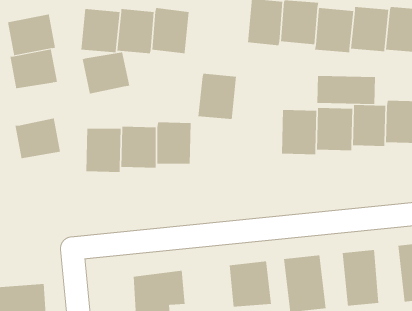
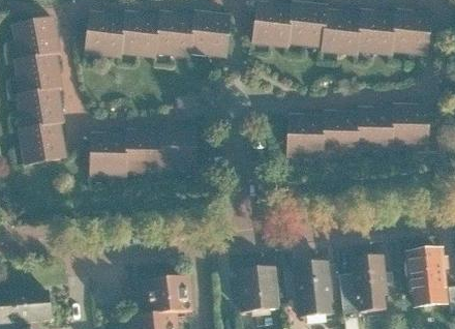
building: [82,52,130,94] -> [19,87,67,129]
building: [198,73,237,120] -> [192,12,232,59]
building: [317,75,375,105] -> none

